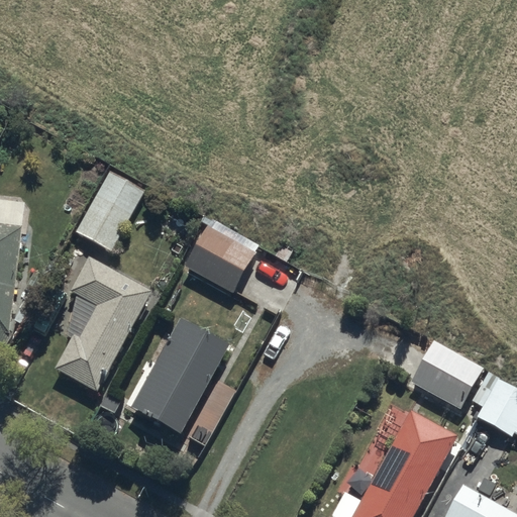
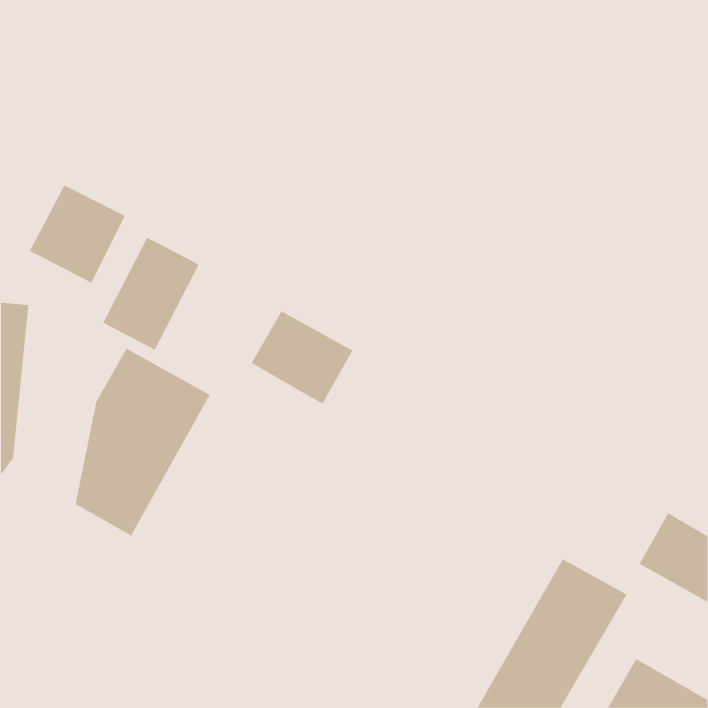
building: none -> [29,185,125,284]
building: [129,317,229,435] -> none
building: [410,344,482,410] -> none

